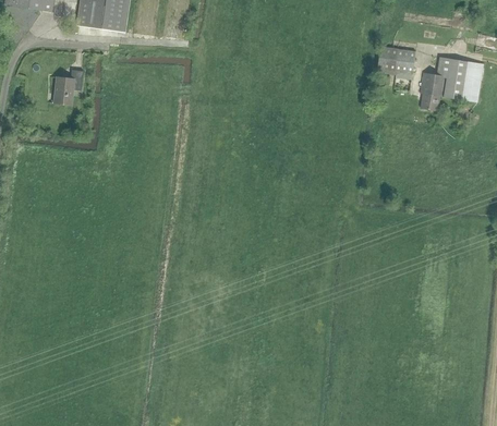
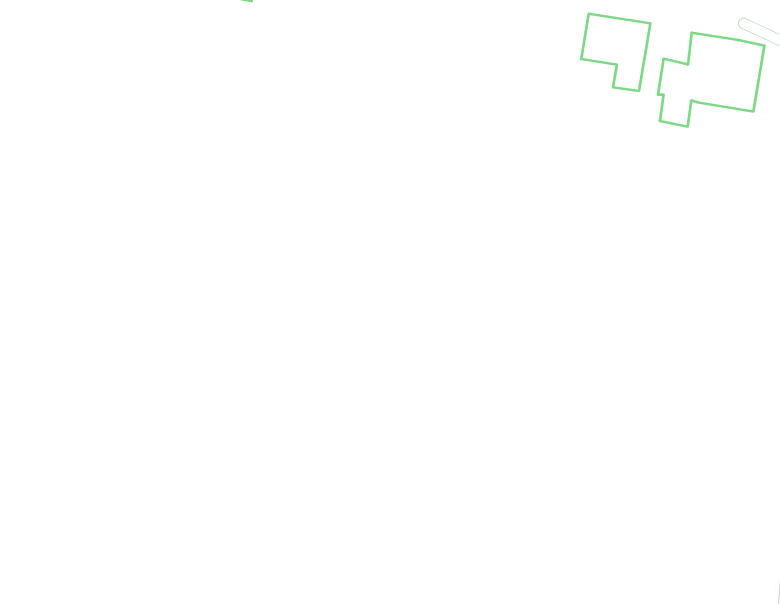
building: [52,69,83,104] -> none

